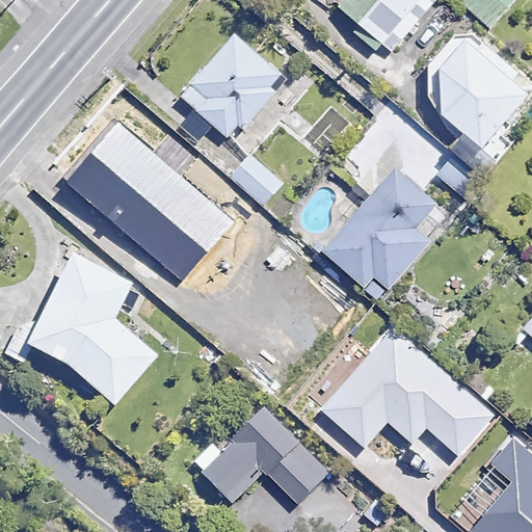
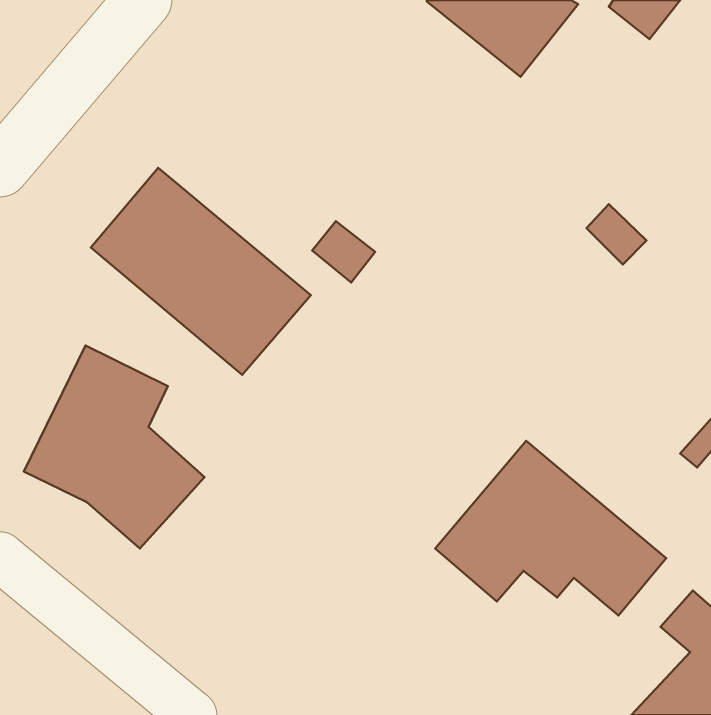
building: [418,31,527,138] -> none
building: [174,35,274,138] -> none
building: [321,172,441,297] -> none
building: [194,407,330,503] -> none

